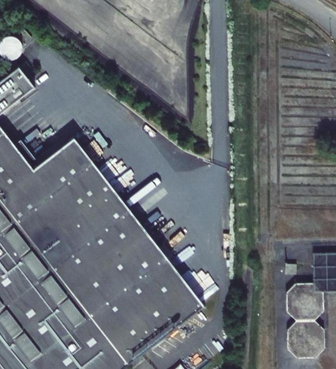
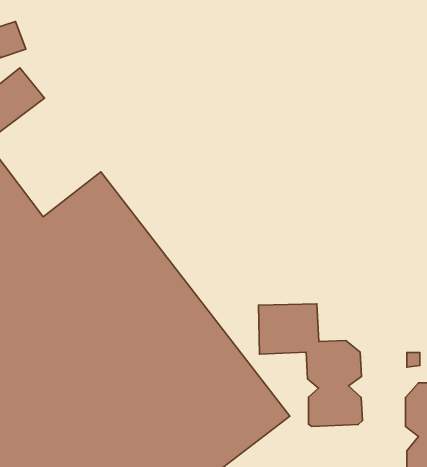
building: none -> [258,304,362,427]

